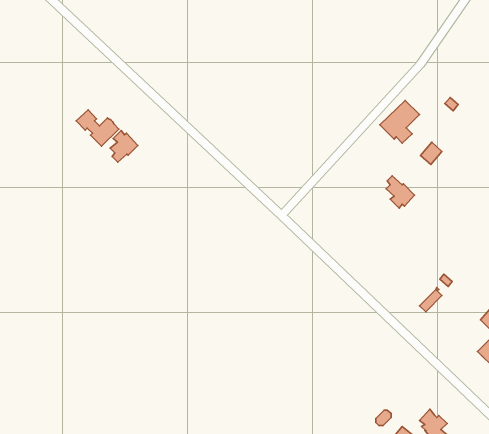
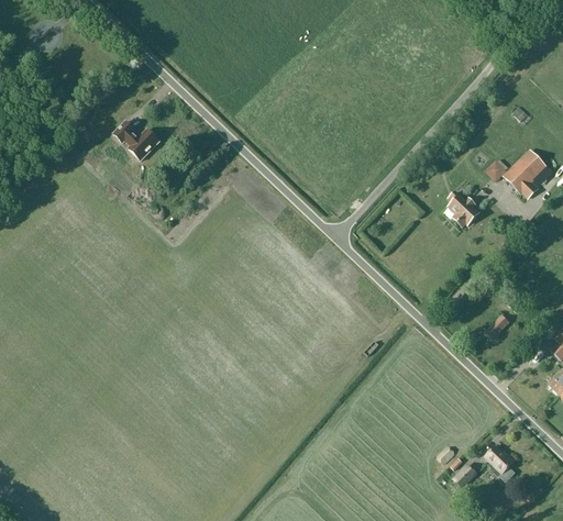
building: [380,100,419,143] -> [504,149,547,196]
building: [110,130,138,162] -> none

